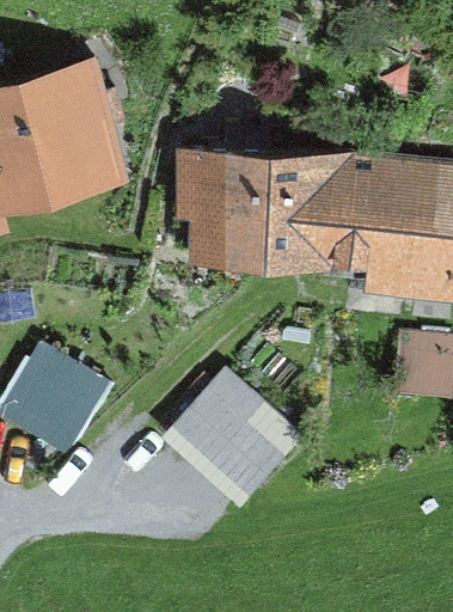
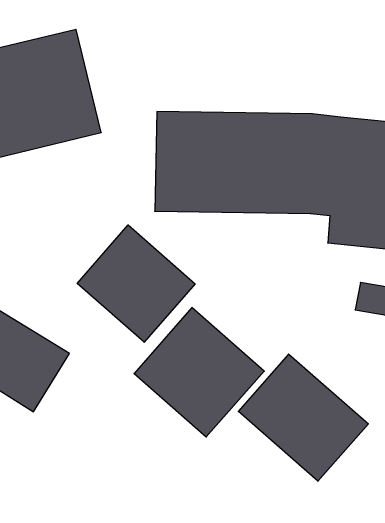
building: none -> [77,225,195,342]
building: none -> [238,354,368,481]

